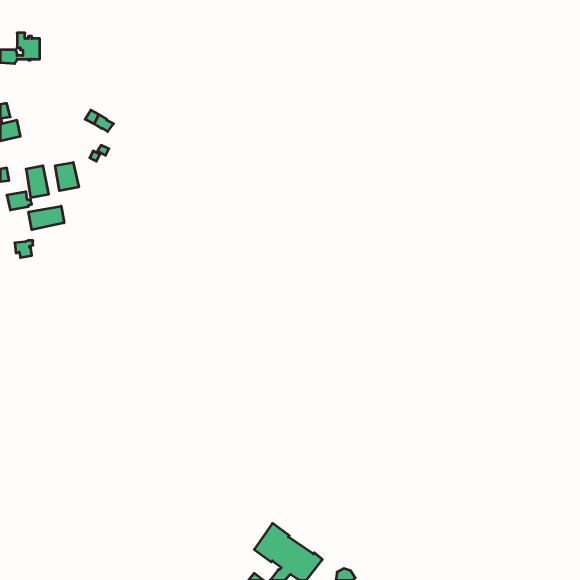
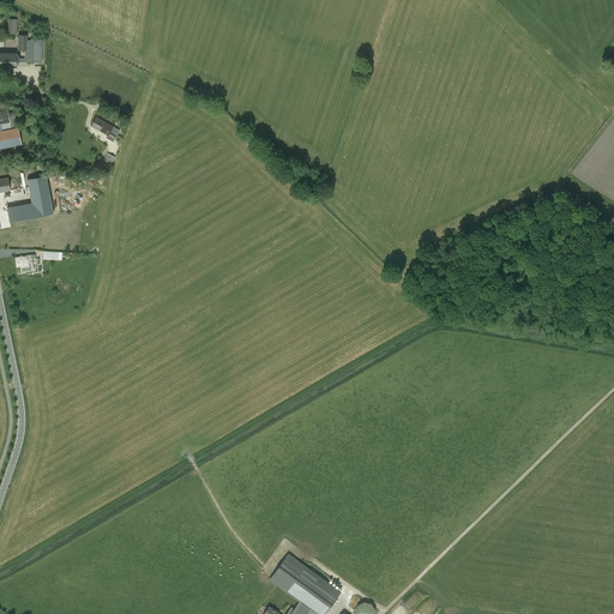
building: [55,162,79,191] -> none
building: [29,206,64,230] -> none

